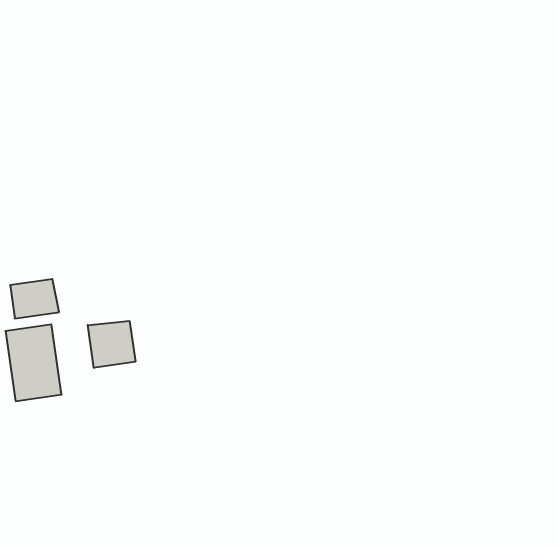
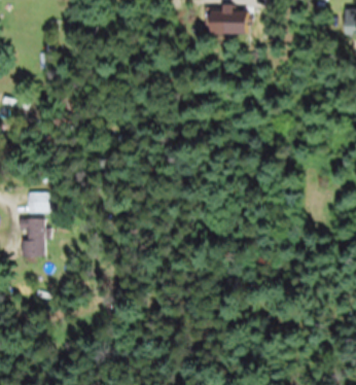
building: [88,321,135,368] -> none

